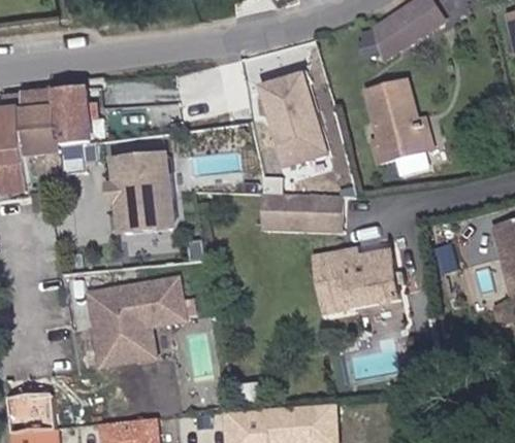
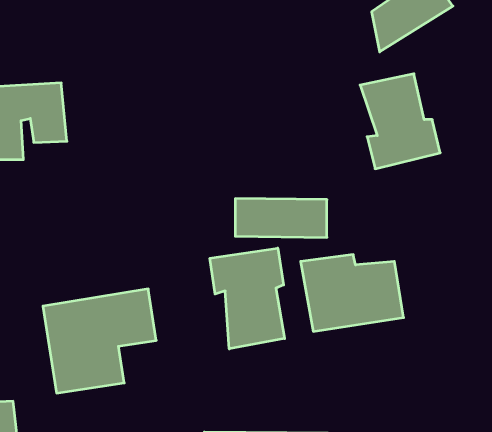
building: [254,72,323,168] -> none
building: [99,150,170,234] -> none
building: none -> [210,248,285,349]

